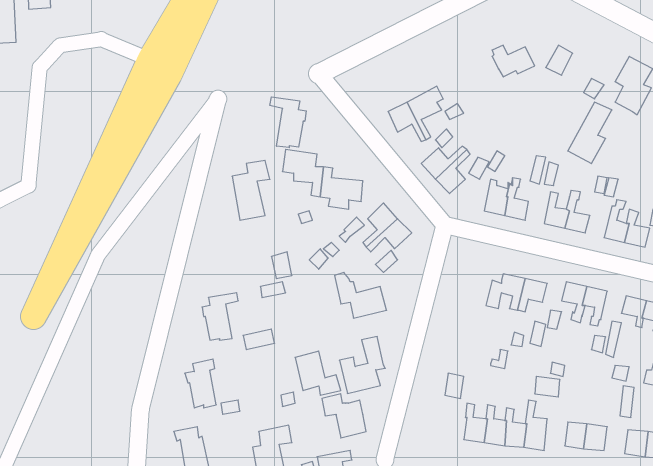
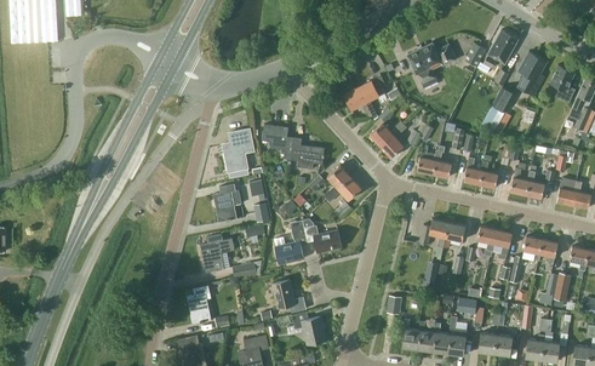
building: none -> [482,29,517,67]
building: none -> [407,46,436,86]
building: [270,97,306,148] -> none
building: none -> [213,183,241,221]
building: [339,337,385,393] -> [273,219,308,263]

